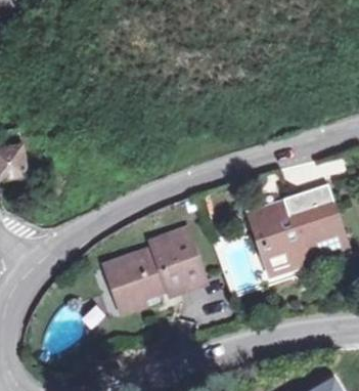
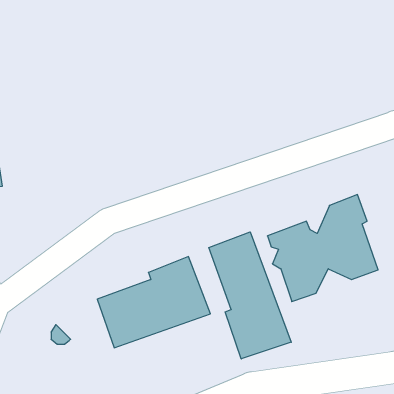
building: none -> [209,232,291,359]

